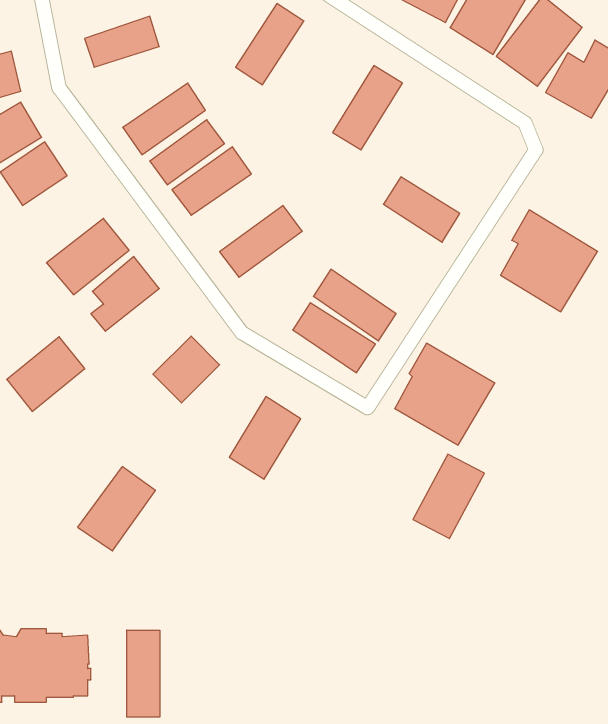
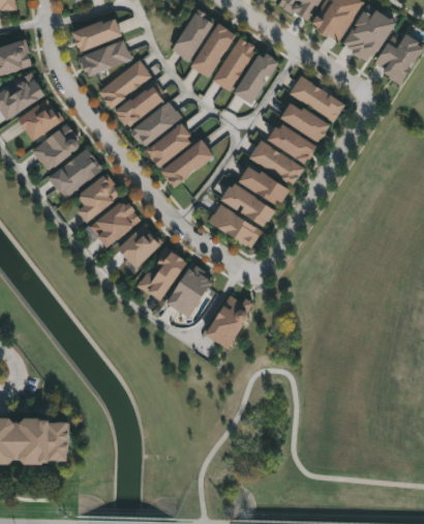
building: none -> [191,24,235,78]
building: none -> [212,37,255,92]
building: none -> [80,40,130,77]
building: none -> [146,123,194,168]
building: none -> [32,124,81,172]
building: [501,210,598,312] -> [280,77,343,143]
building: [7,337,85,411] -> [89,200,140,249]
building: [395,343,495,445] -> [238,141,303,207]
building: [413,454,484,539] -> [205,295,251,350]
building: [78,467,155,551] -> [137,248,187,302]
building: [127,630,160,717] -> none

